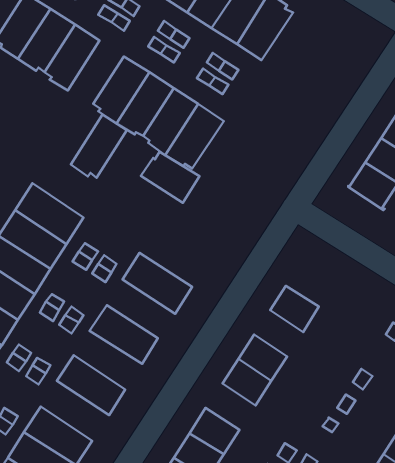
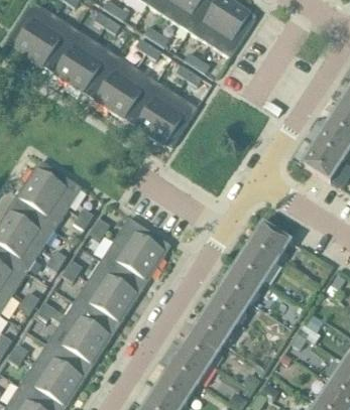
building: [71,114,127,178] -> [69,40,115,93]
building: [141,152,199,203] -> none
building: none -> [249,221,290,260]
building: none -> [101,238,157,286]
building: none -> [223,263,263,301]
building: none -> [74,280,130,328]
building: none -> [46,321,103,371]
building: none -> [183,323,224,362]

